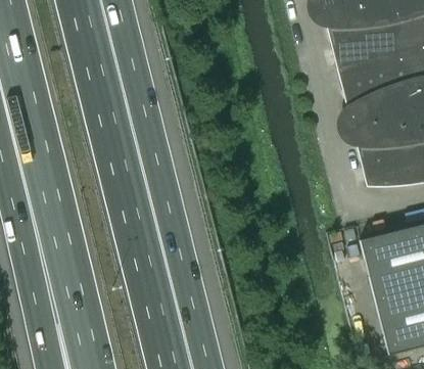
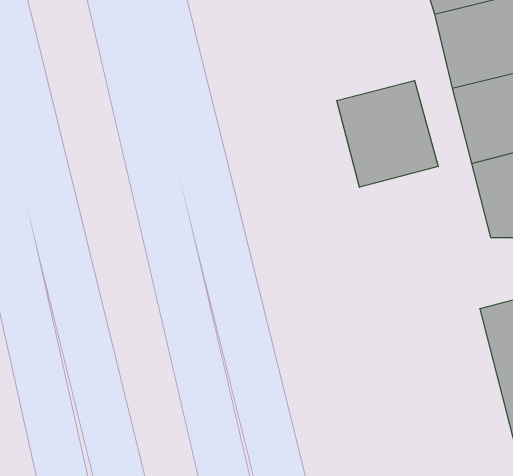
building: none -> [337,80,438,187]

